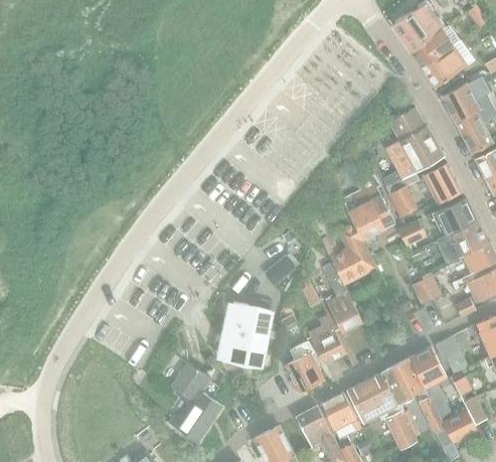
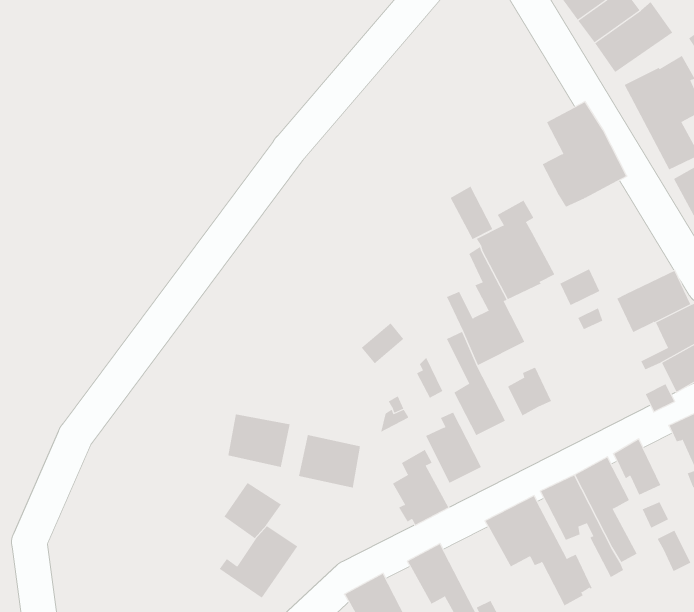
building: [424,163,463,205] -> none
building: [386,180,416,216] -> [450,186,493,240]
building: [439,203,476,238] -> none
building: [411,273,442,306] -> [507,367,552,416]
building: [228,304,271,340] -> [228,414,290,467]
building: [321,393,361,431] -> none
building: [443,411,477,444] -> none

